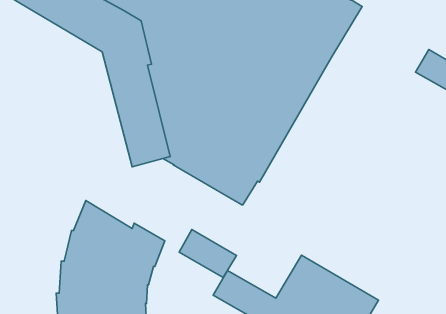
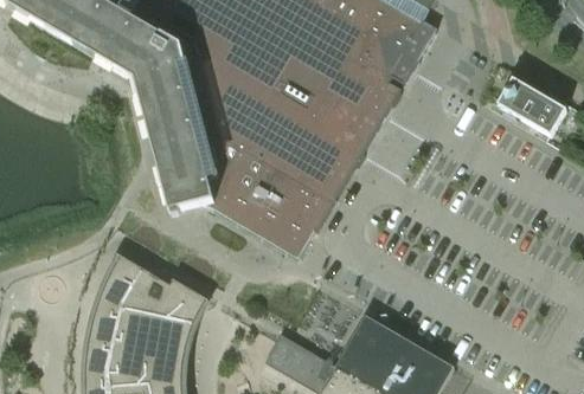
building: [179,229,237,278] -> none

